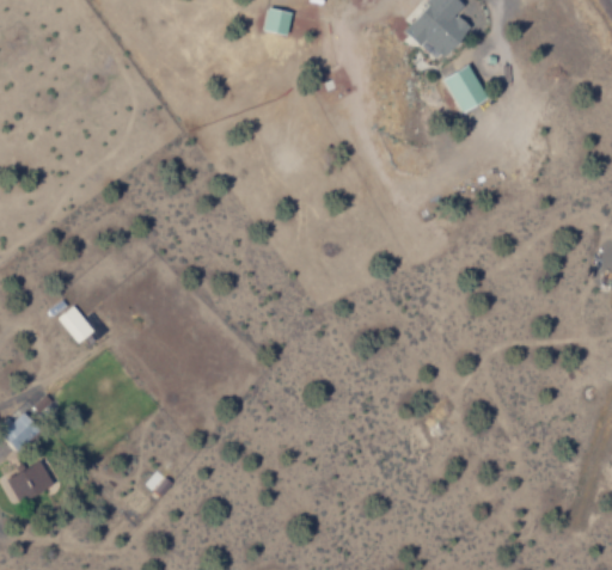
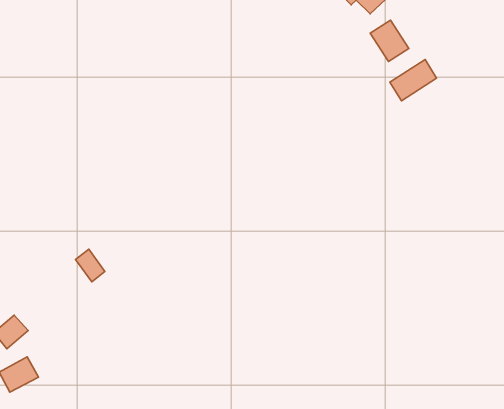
building: none -> [390,60,437,101]
building: [59,305,93,343] -> [75,249,105,282]

